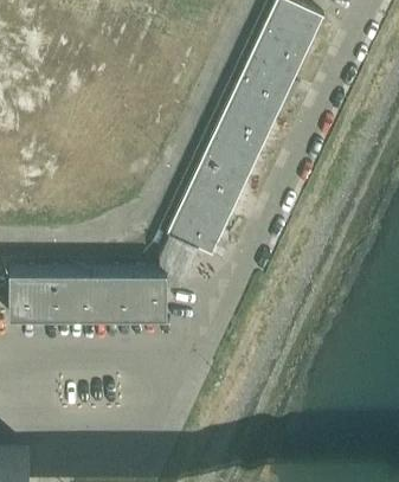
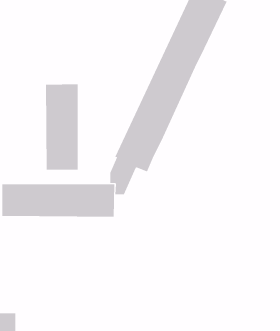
building: none -> [45,84,78,171]

